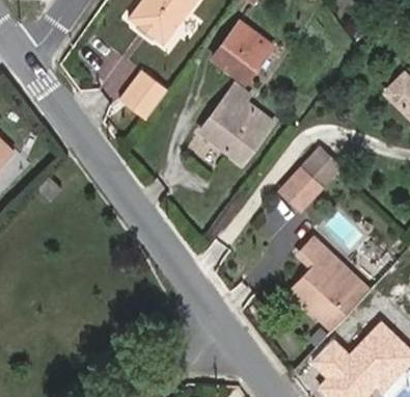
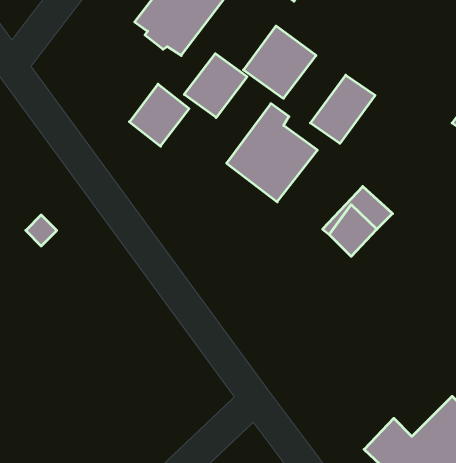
building: none -> [184,54,247,118]
building: none -> [310,75,375,143]
building: [292,241,370,329] -> none

